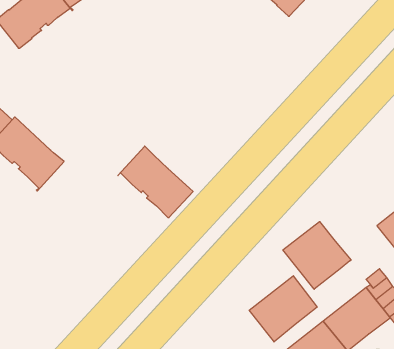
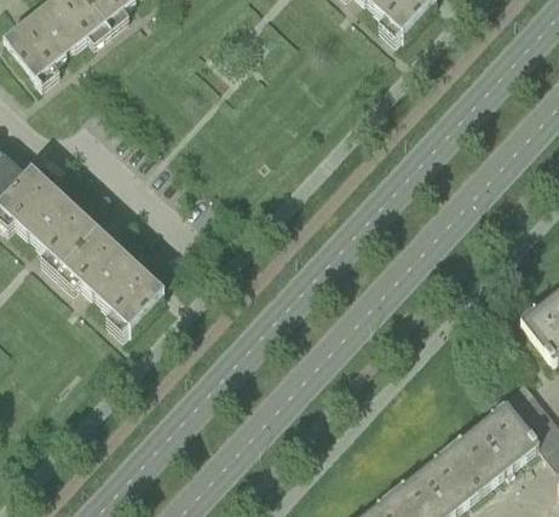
building: [118,146,193,218] -> [62,229,163,326]
building: [283,222,351,289] -> none
building: [249,276,317,342] -> none

